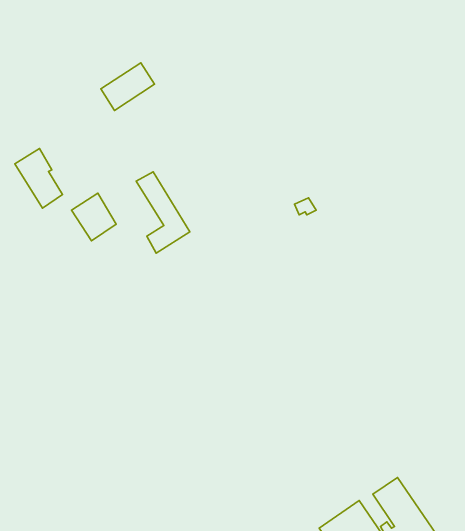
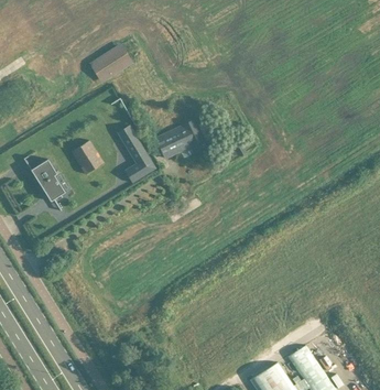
building: [15,148,62,208] -> [31,161,65,204]
building: none -> [156,121,207,160]

